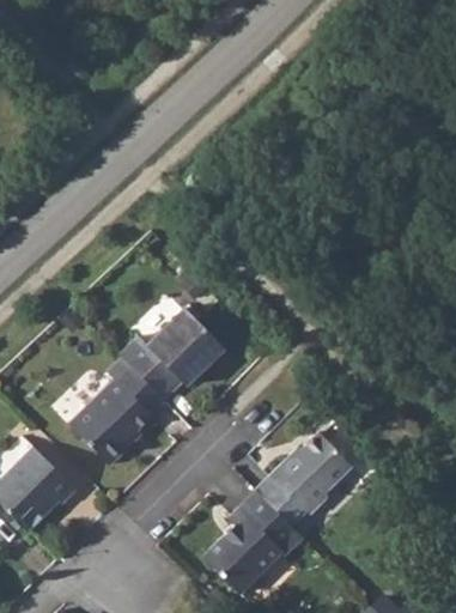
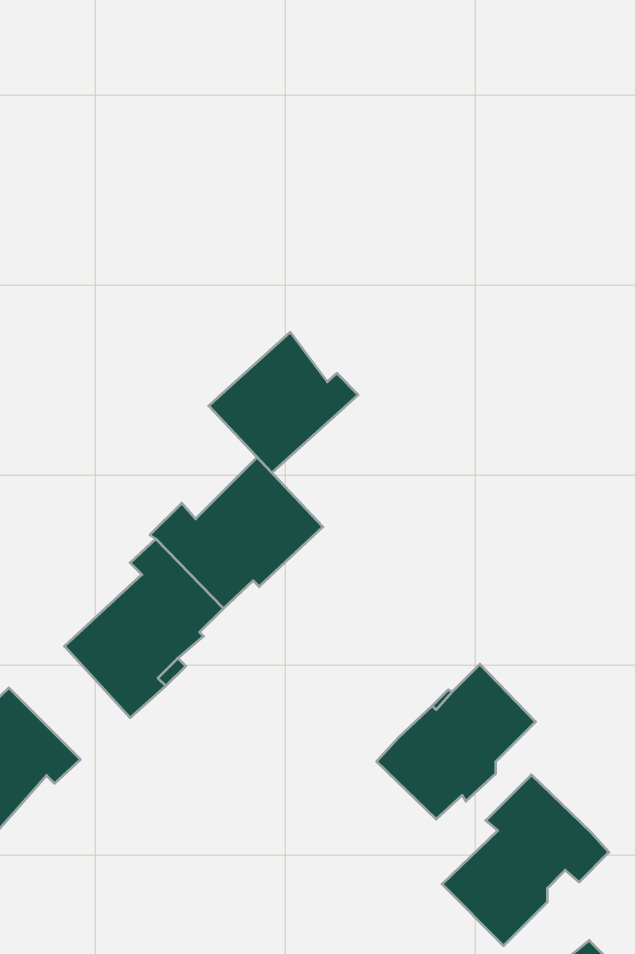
building: none -> [209,332,358,473]
building: [202,490,303,593] -> [442,775,609,946]

